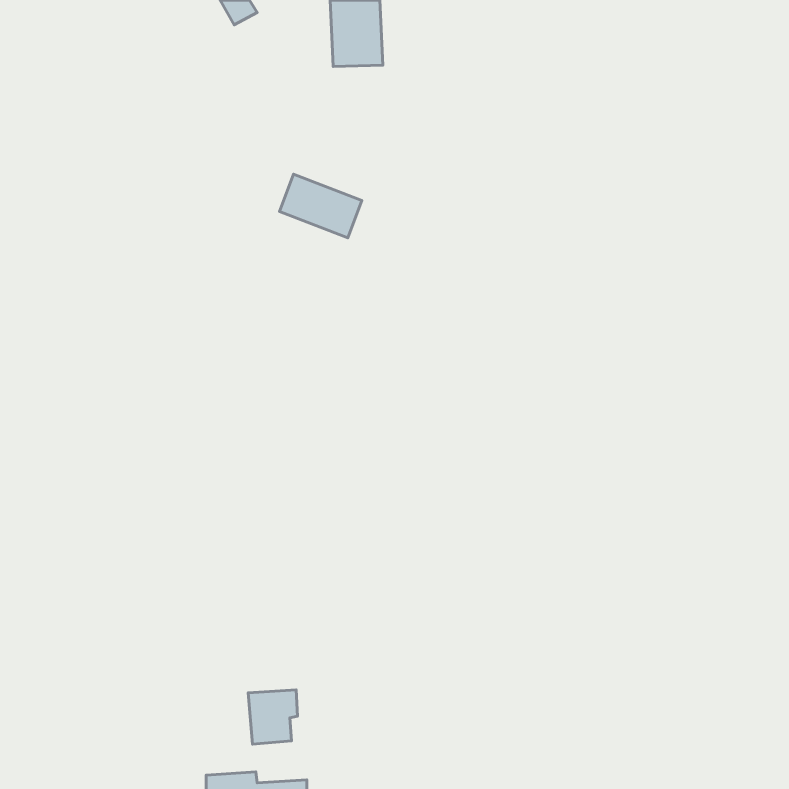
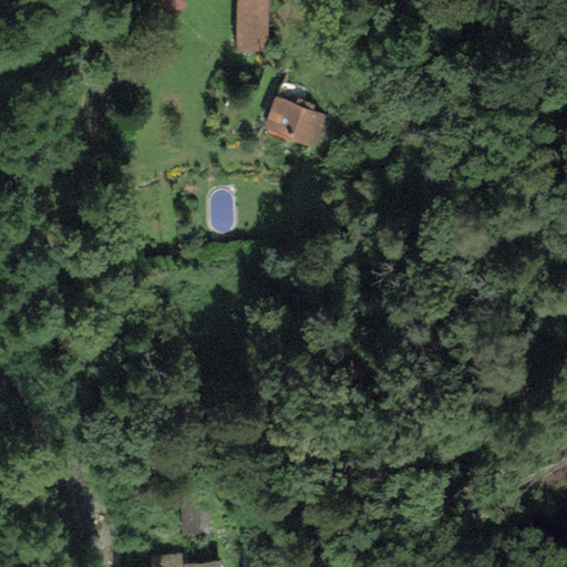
building: [280,174,362,238] -> [266,99,324,144]

